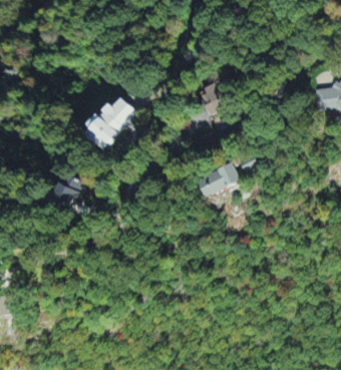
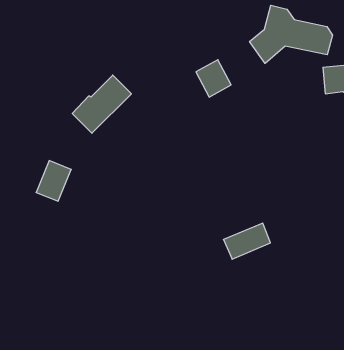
building: none -> [250,5,333,63]
building: [194,165,237,199] -> [223,223,270,259]

